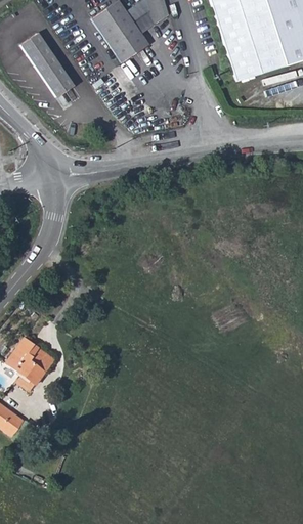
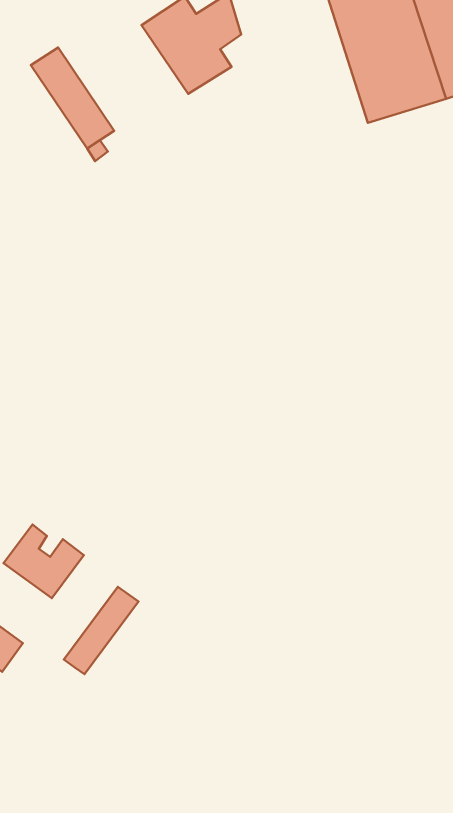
building: none -> [64,587,139,674]

